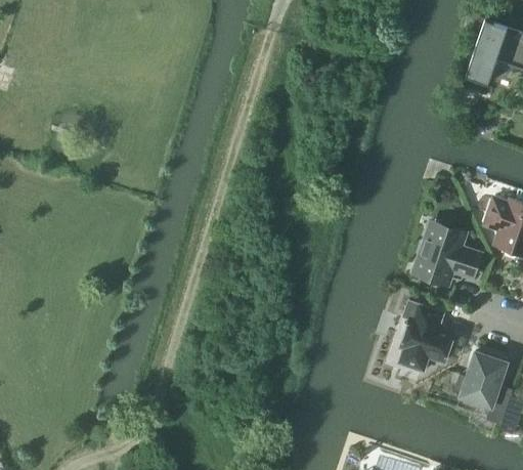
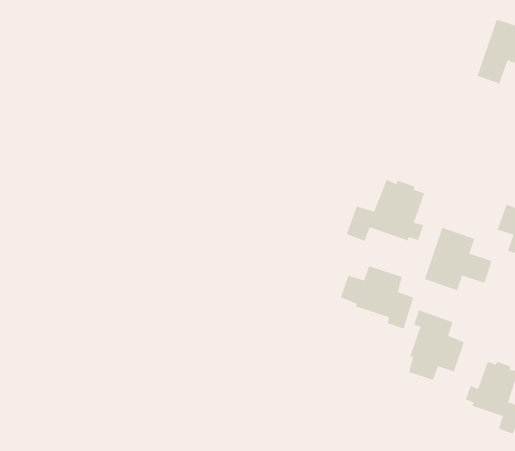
building: none -> [346,179,425,242]
building: none -> [340,265,414,330]

